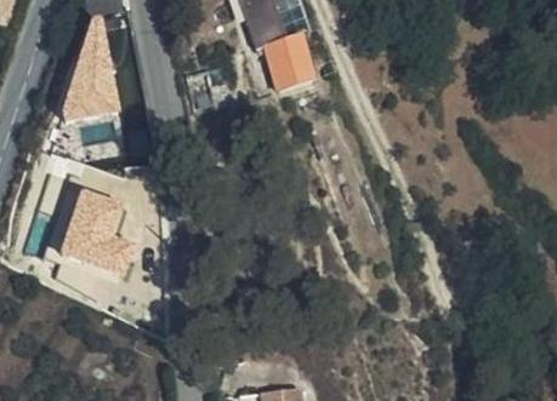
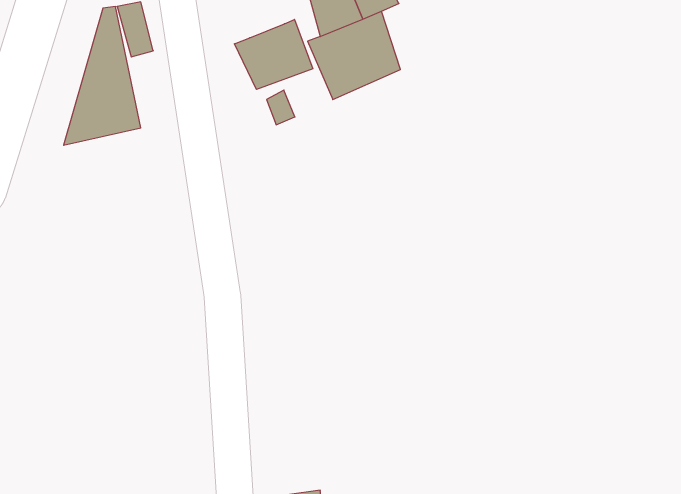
building: none -> [234,19,313,89]
building: [56,196,132,280] -> none

